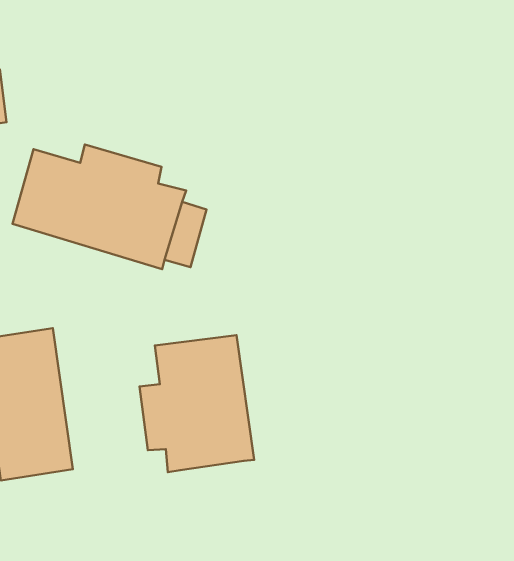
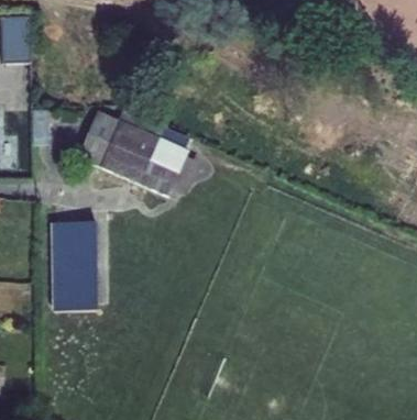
building: [140,335,254,472] -> none

